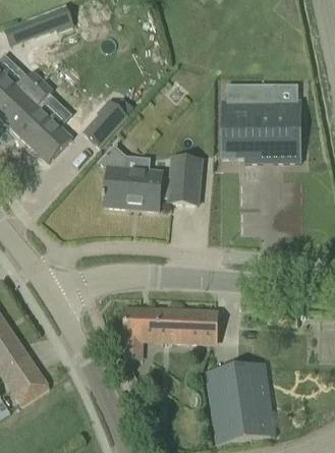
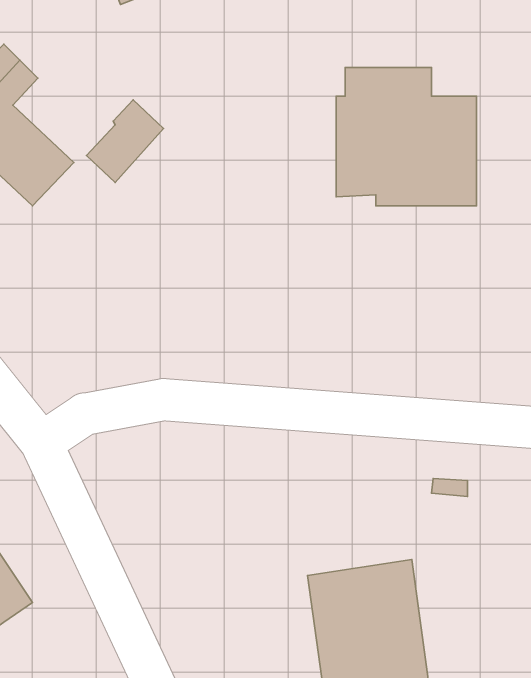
building: [100,146,202,209] -> none
building: [125,307,218,341] -> none

